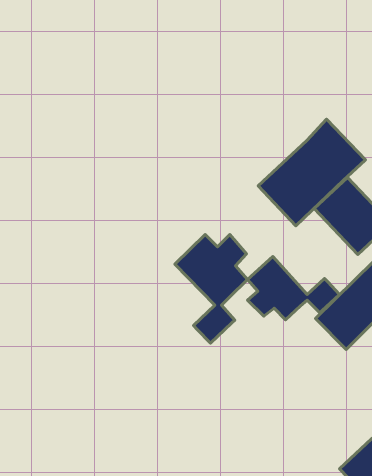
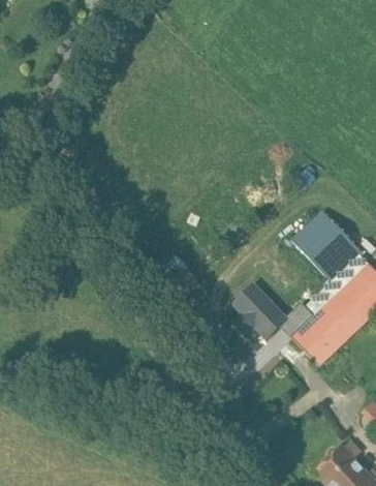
building: [258,119,366,226] -> none
building: [175,234,248,343] -> none

